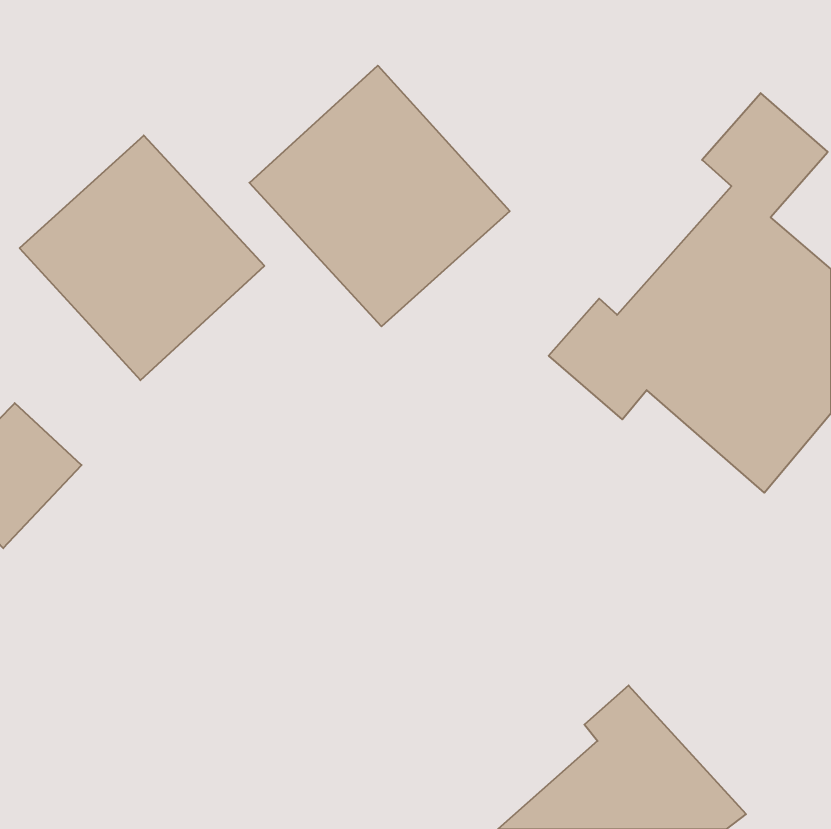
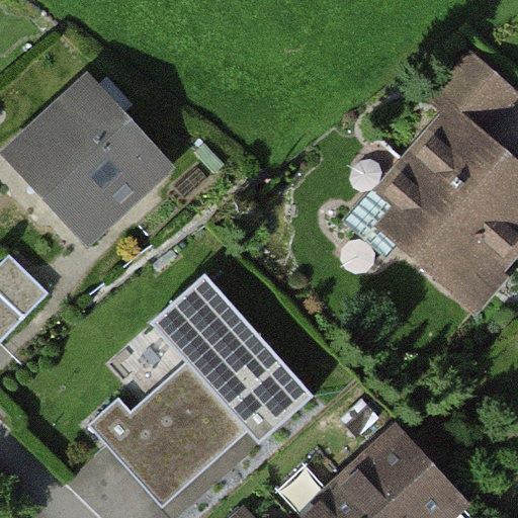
building: [249,66,510,326] -> none
building: none -> [89,273,315,505]

